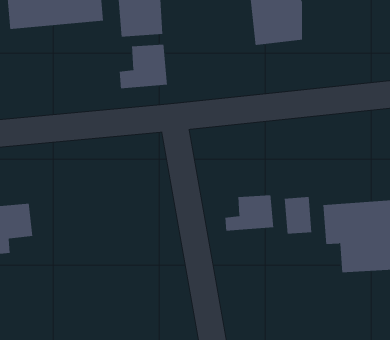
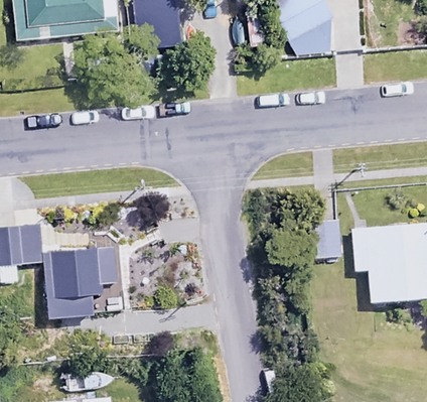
building: [119,44,167,89] -> none
building: [225,194,274,232] -> none
building: none -> [48,247,118,317]

